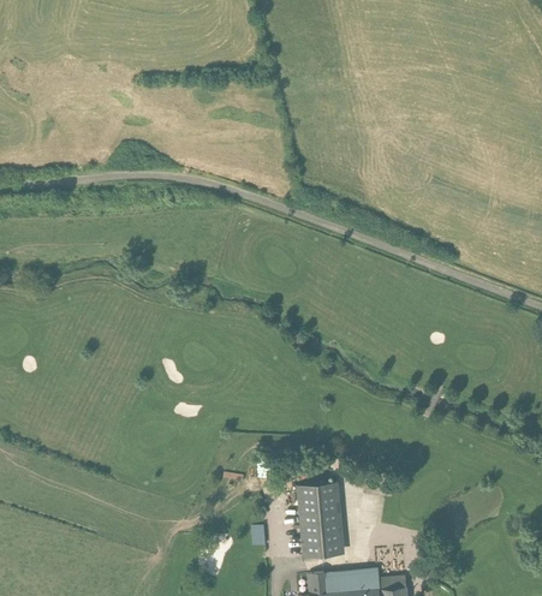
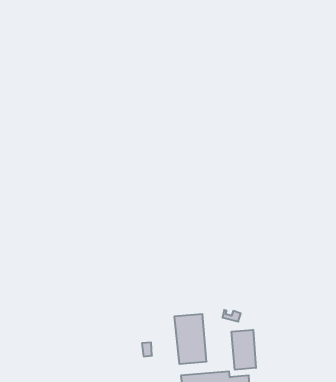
building: none -> [232,330,256,370]

